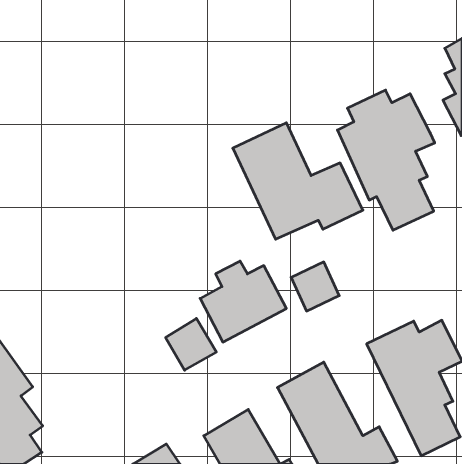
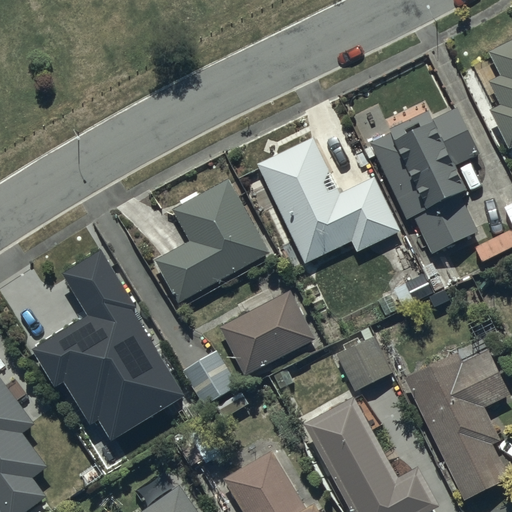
building: none -> [155,178,270,302]
building: none -> [30,251,185,442]
building: [291,262,339,311] -> [338,336,391,390]

